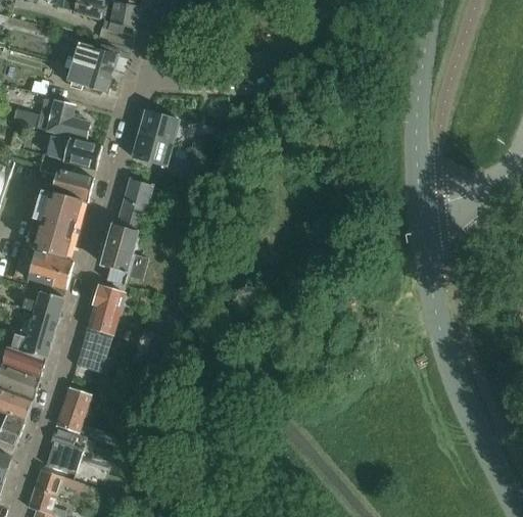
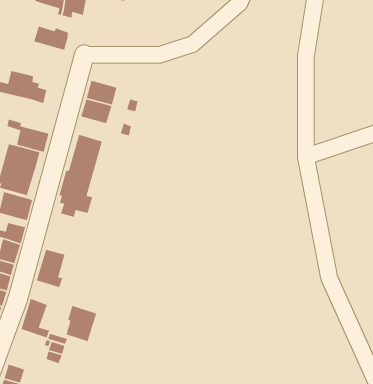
building: [65,61,111,92] -> none
building: [62,135,100,169] -> none
building: [87,285,124,330] -> none
building: [45,426,85,473] -> [65,305,97,342]

